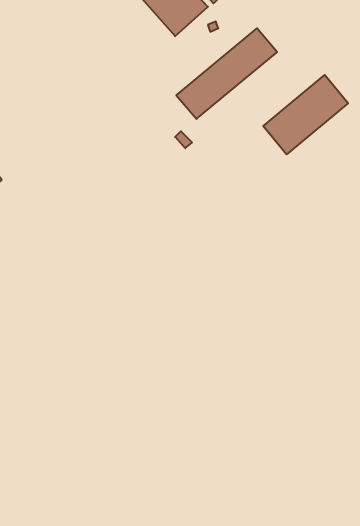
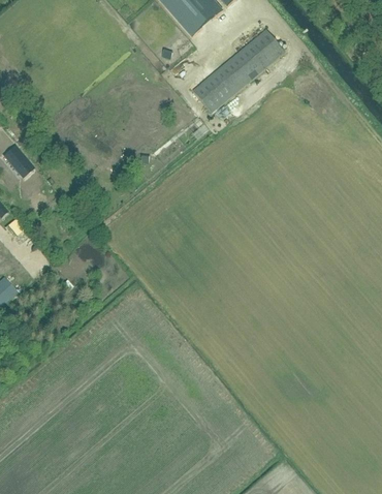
building: [263,75,348,154] -> none

